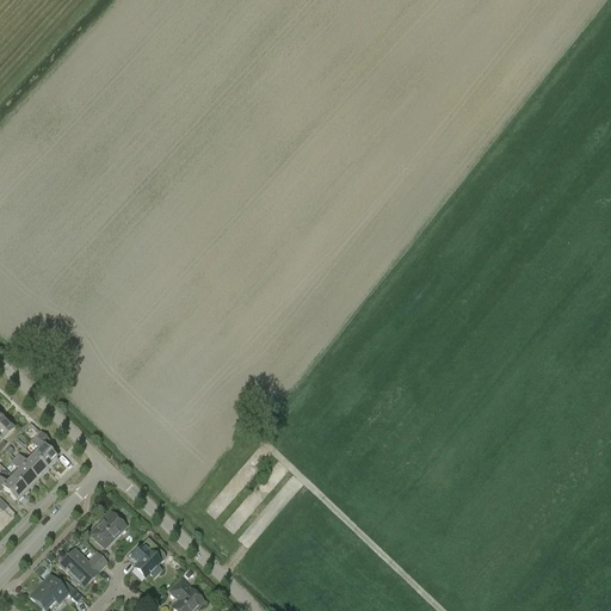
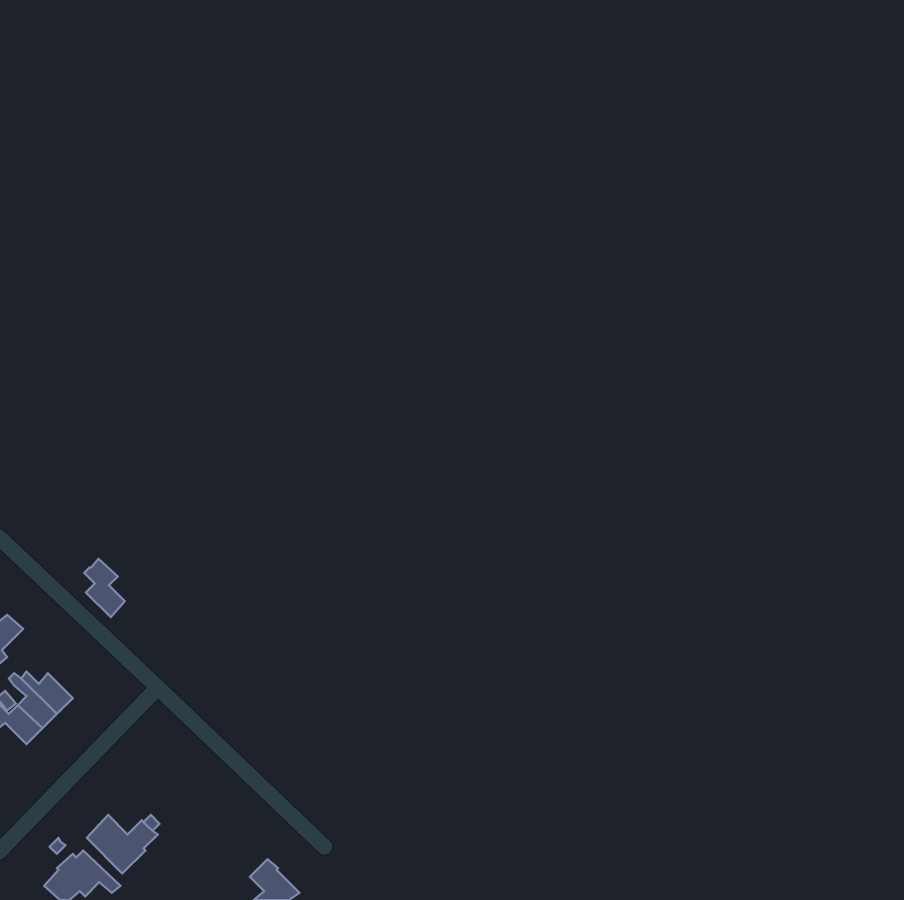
building: [31,431,58,470] -> [84,559,125,617]
building: [91,511,125,547] -> none
building: [129,537,163,578] -> none

